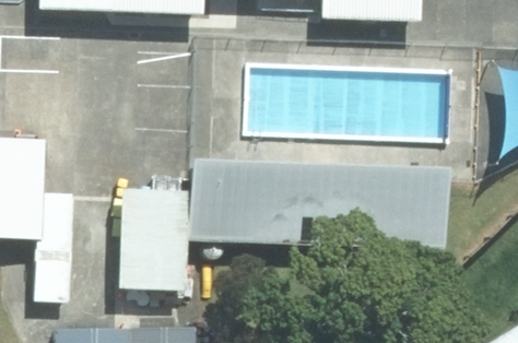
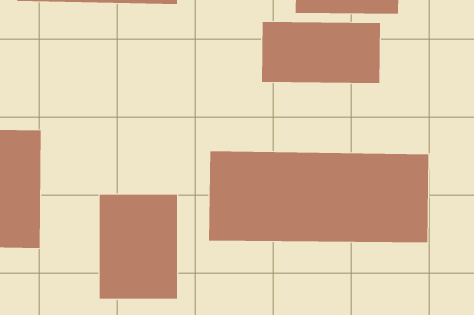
building: none -> [262,21,381,84]

